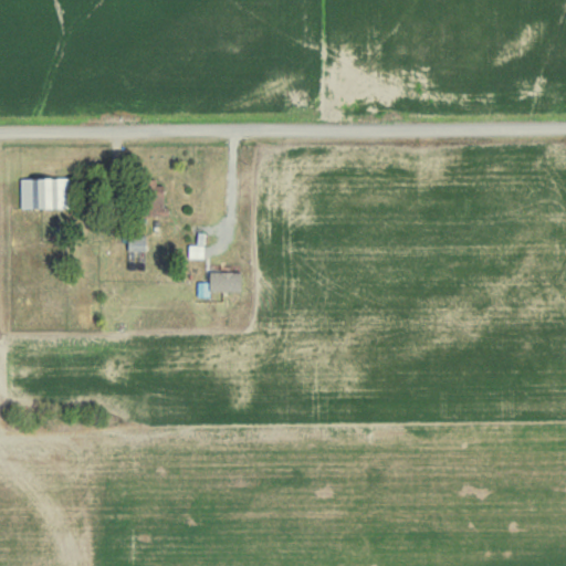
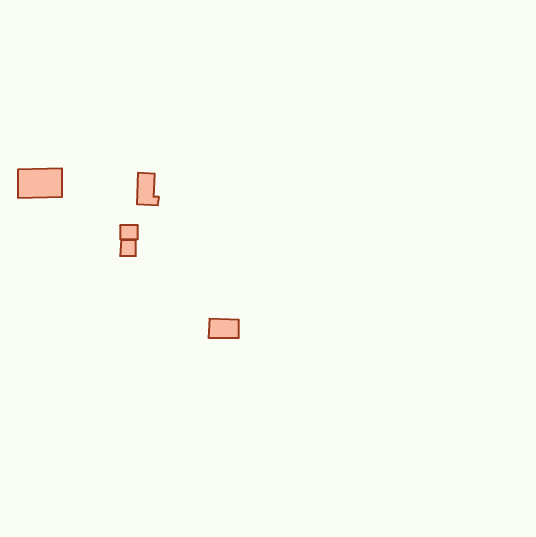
building: [209,272,241,292] -> [208,319,239,338]

